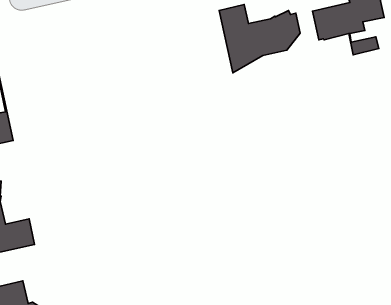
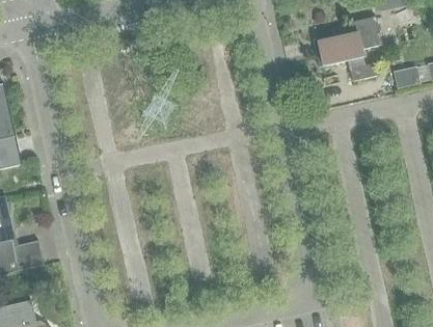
building: [219,5,300,73] -> none

